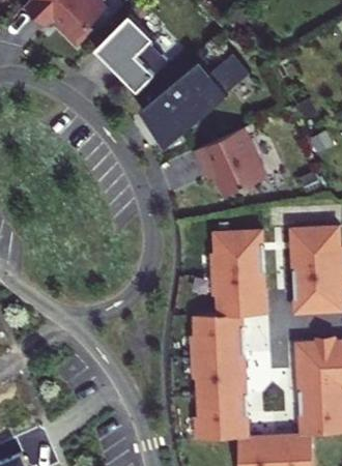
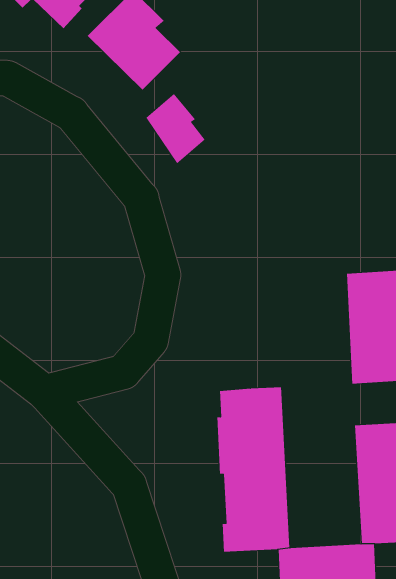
building: [160,53,248,127] -> none
building: [195,127,264,197] -> none
building: [211,230,265,316] -> none

